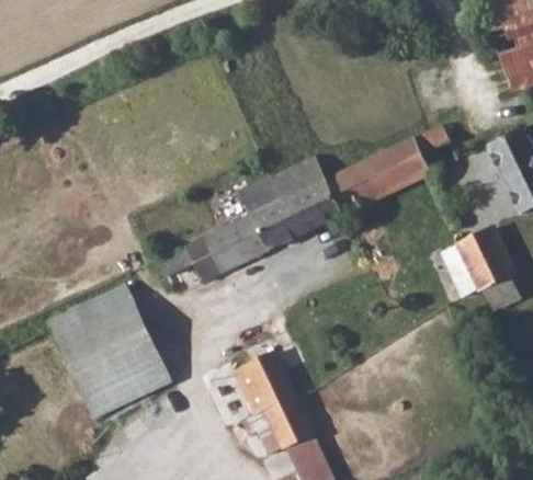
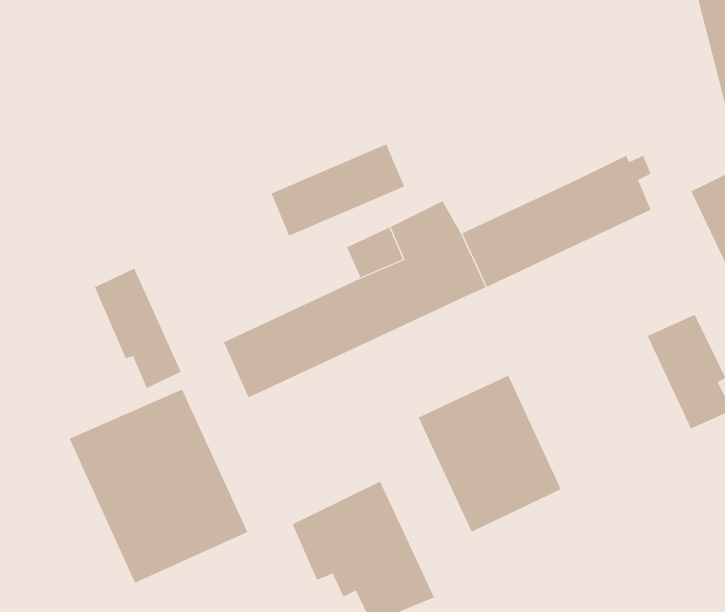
building: none -> [271,143,405,236]
building: none -> [94,268,181,389]
building: none -> [418,375,561,533]

